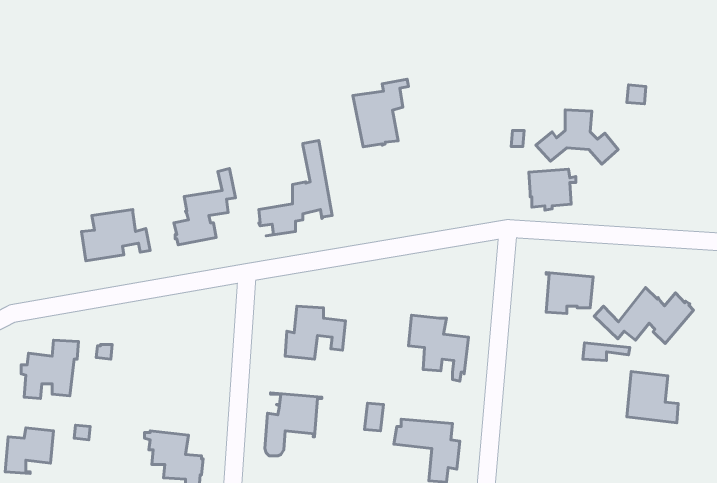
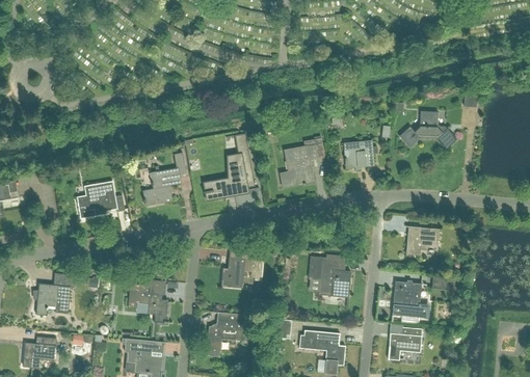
building: [353,79,409,147] -> [283,137,322,185]
building: [529,169,576,210] -> [344,140,377,169]
building: [594,288,693,343] -> none
building: none -> [128,278,167,323]
building: [627,371,678,423] -> [393,280,429,317]
building: none -> [388,326,422,359]

